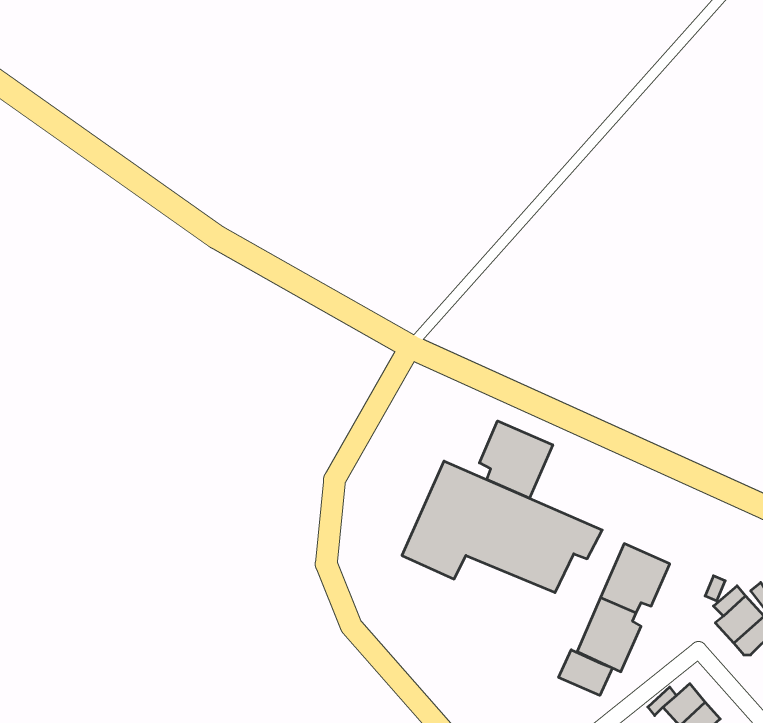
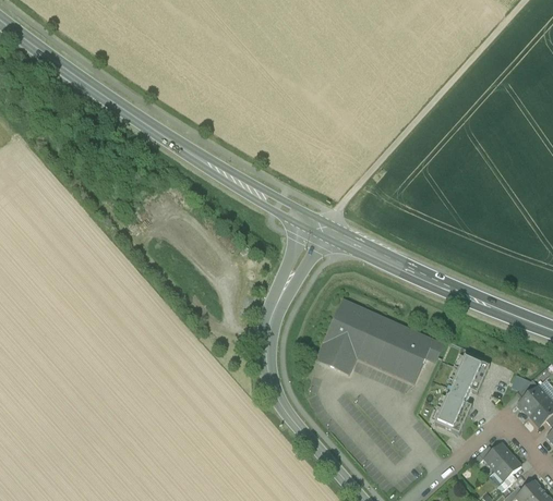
building: [479,421,553,498] -> none
building: [559,650,612,695] -> none

